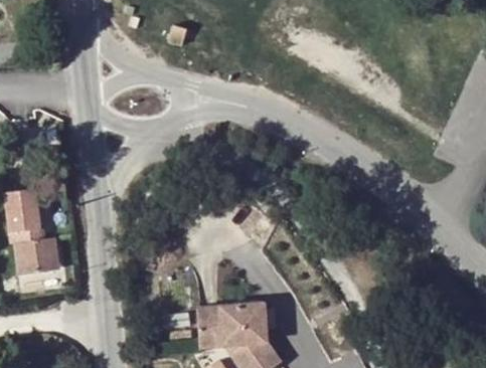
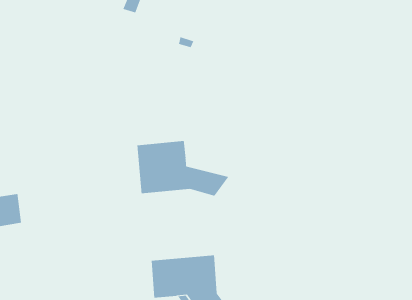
building: none -> [137,140,229,196]

